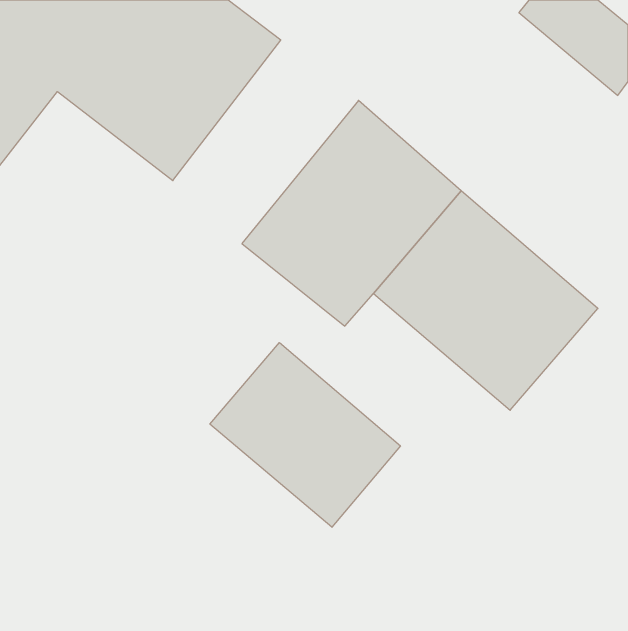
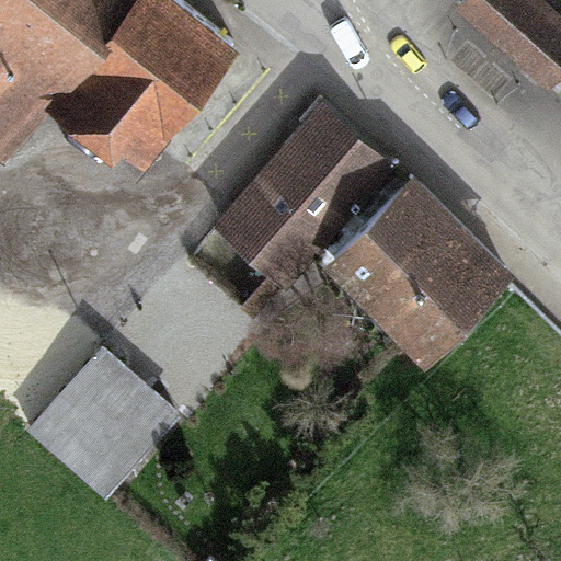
building: [210,343,400,527] -> none
building: none -> [20,359,163,503]

